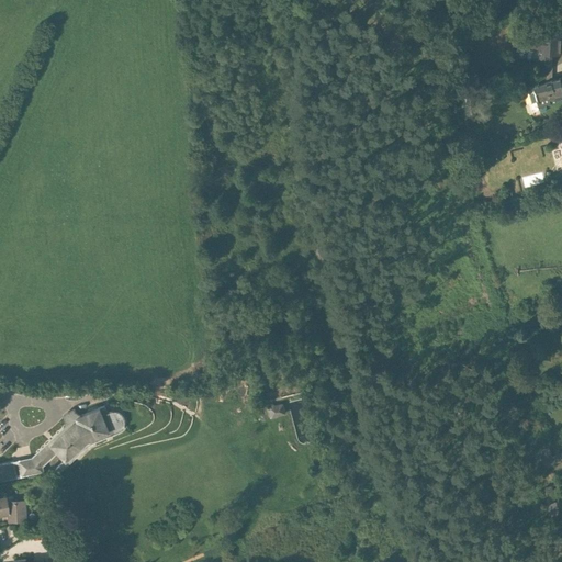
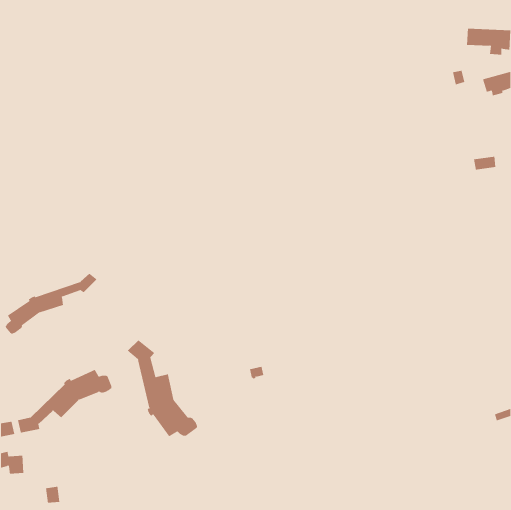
building: none -> [5,273,98,334]
building: none -> [127,340,198,437]

